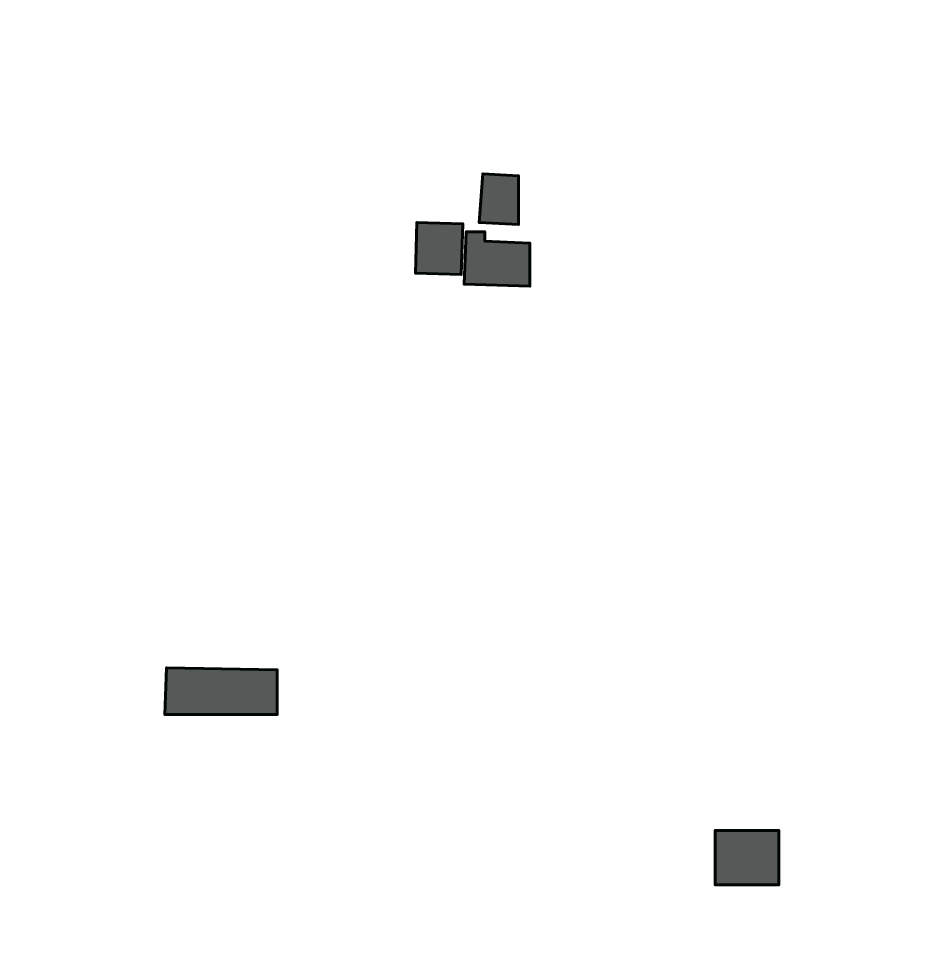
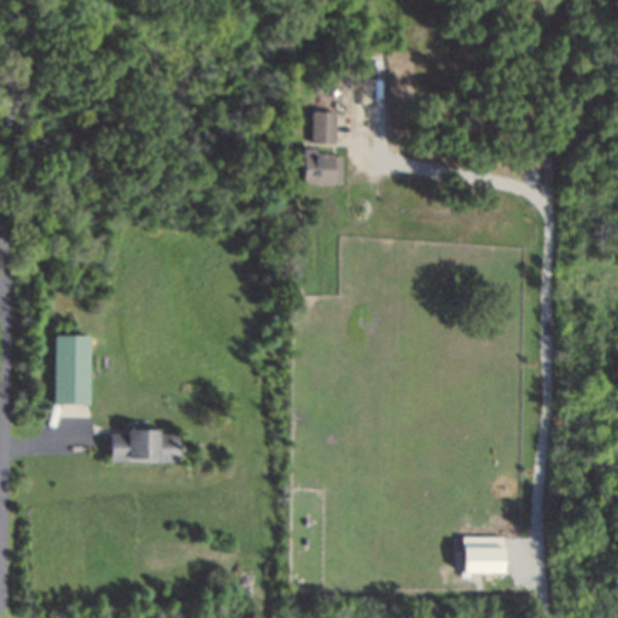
building: [416,223,463,275] -> none
building: none -> [56,334,91,403]

